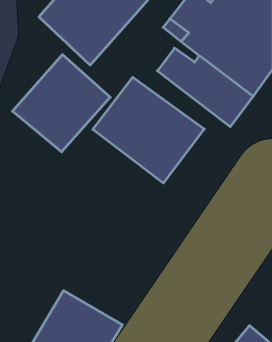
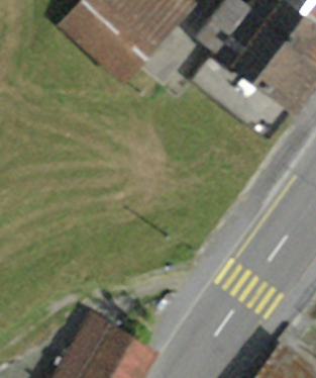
building: [12,55,110,152] -> none
building: [93,77,204,183] -> none

